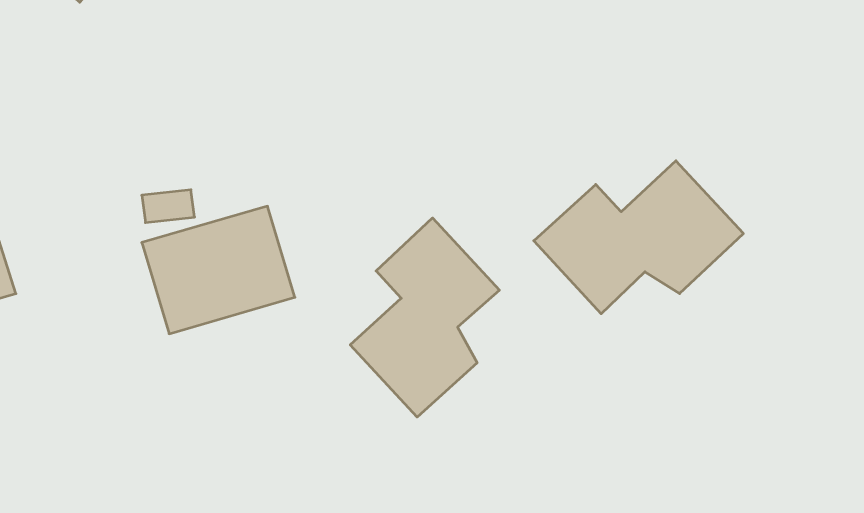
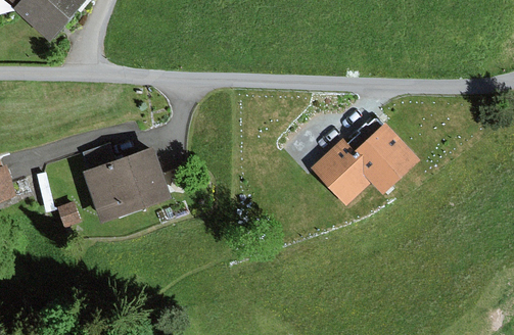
building: [350,218,499,417] -> none

